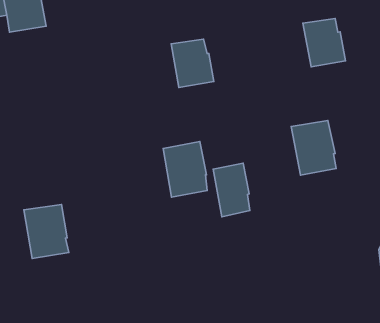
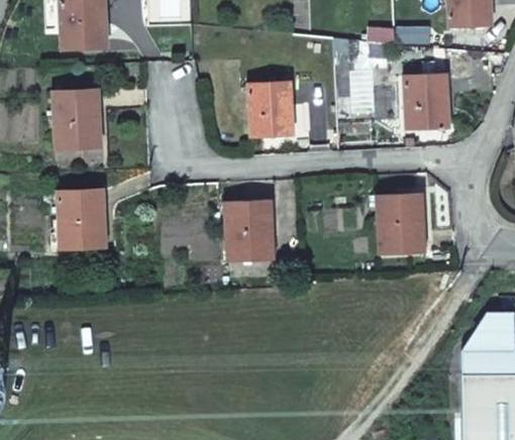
building: none -> [55,89,101,148]
building: [213,163,250,217] -> none
building: [24,205,69,259] -> [59,190,105,248]

